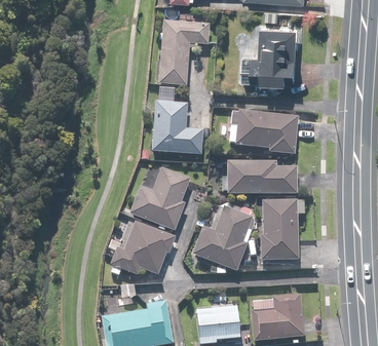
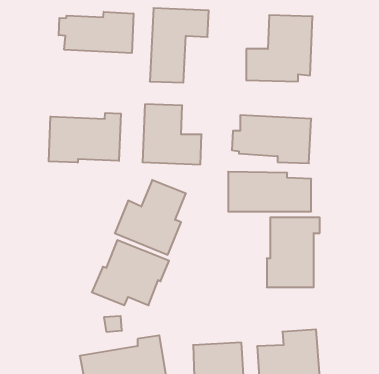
building: none -> [59,12,133,53]
building: none -> [49,113,121,163]
building: [191,206,252,272] -> none

